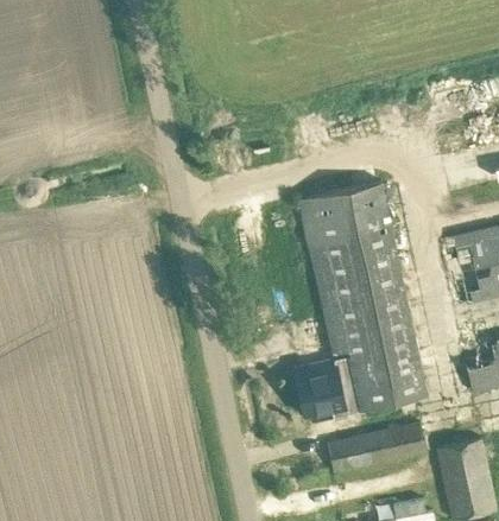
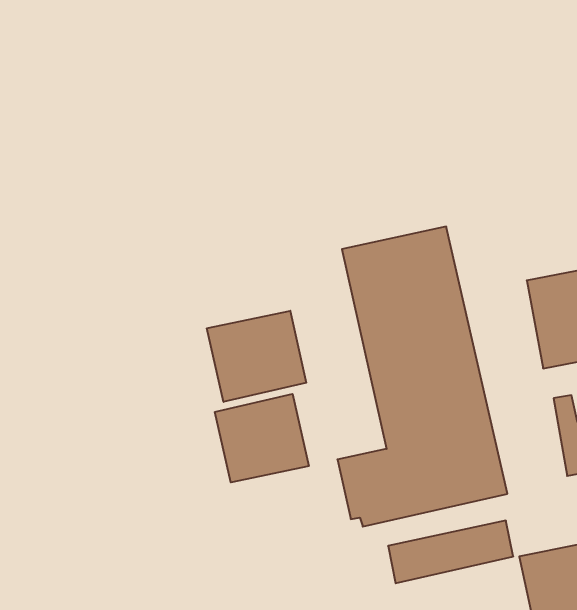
building: none -> [207,311,306,402]
building: none -> [215,394,309,482]

